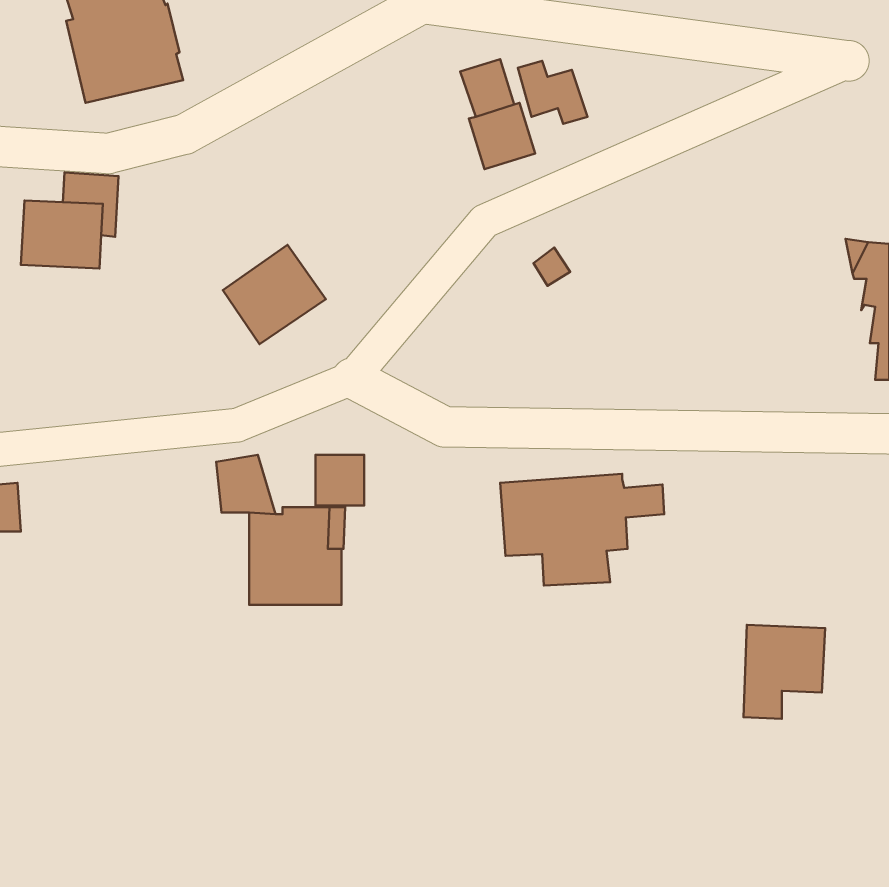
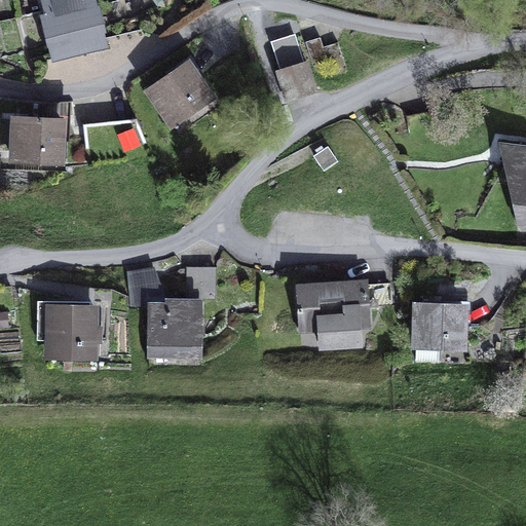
building: [223,245,326,344] -> [149,64,210,122]
building: none -> [48,306,100,354]
building: [743,625,825,719] -> [415,304,463,360]

